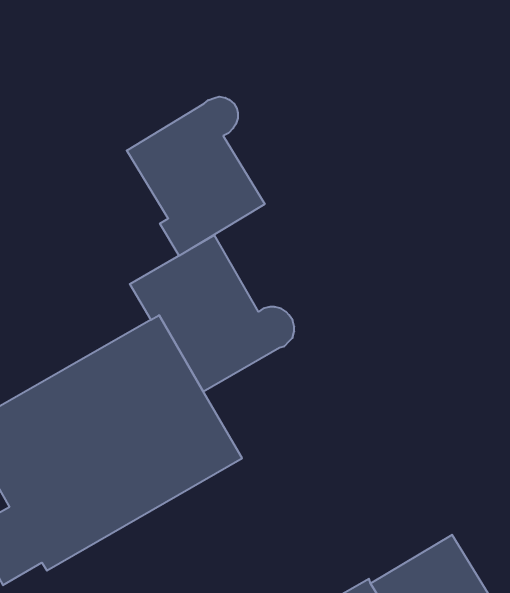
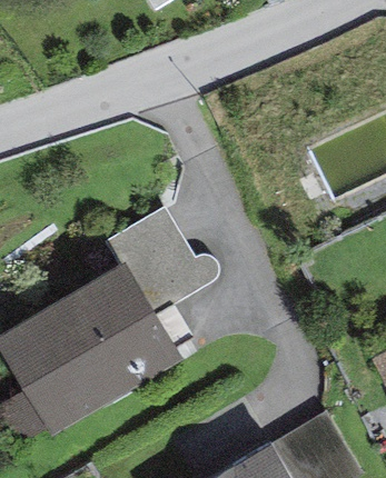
building: [127,97,265,256] -> none

